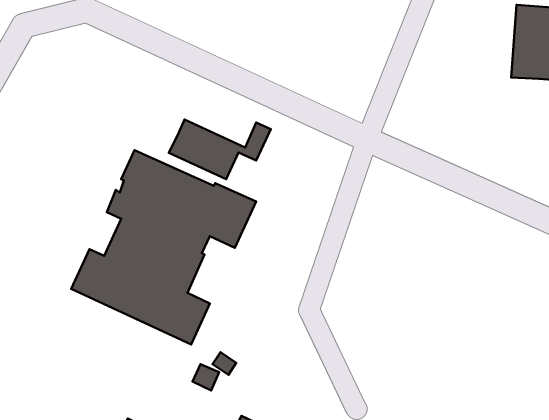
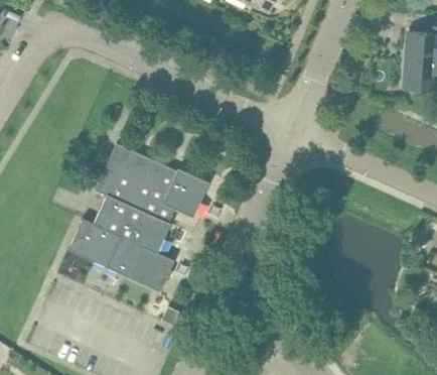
building: [169,120,271,179] -> none

